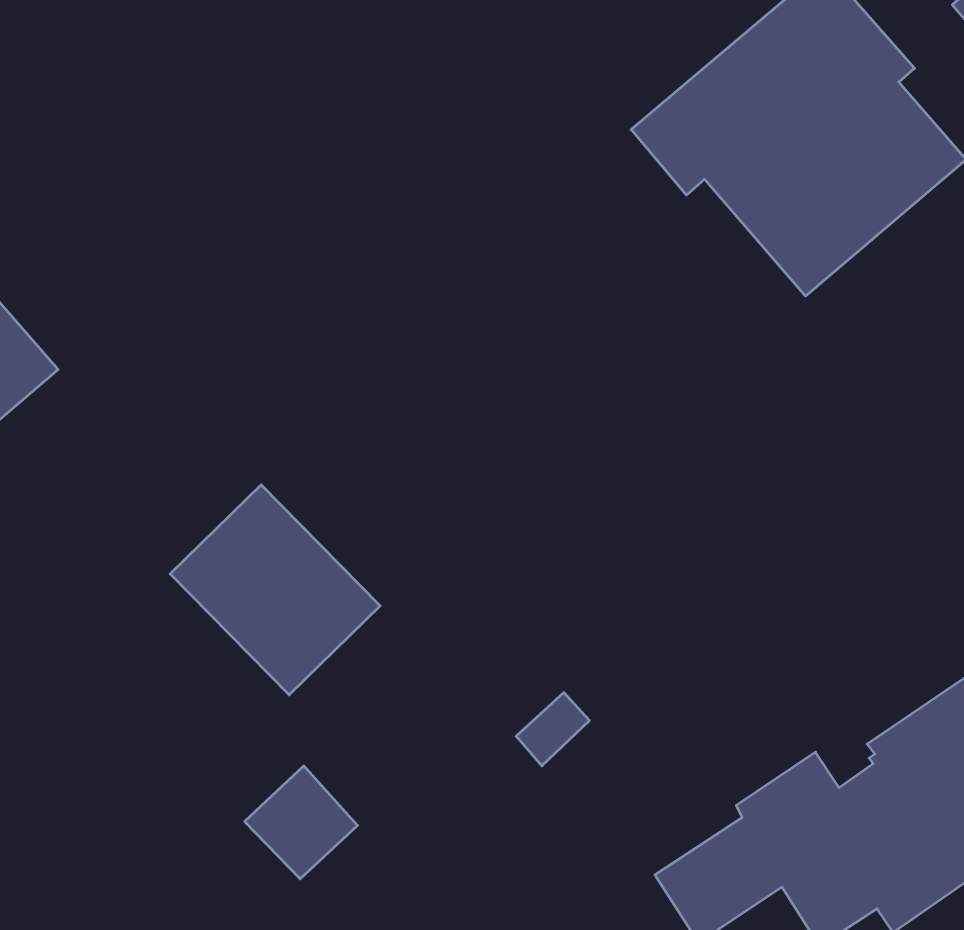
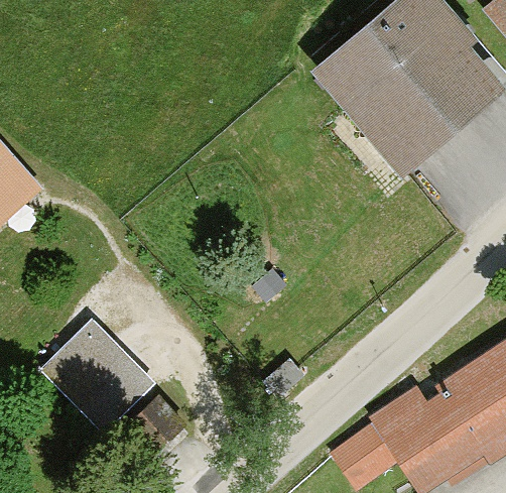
building: [170,485,380,695] -> [43,326,150,433]

